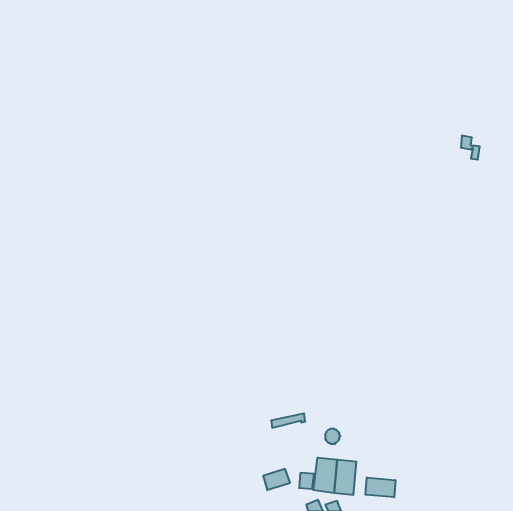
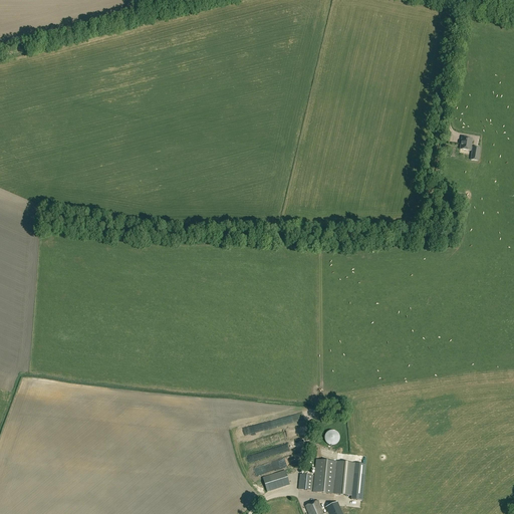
building: [366,477,395,497] -> none

